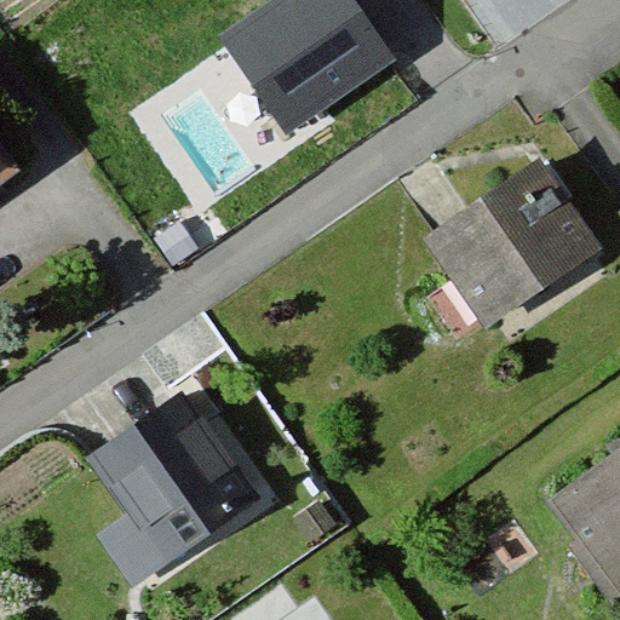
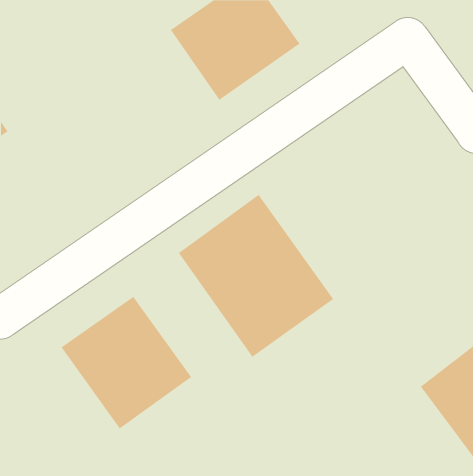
building: [424,160,605,356] -> none
building: none -> [178,194,334,358]

